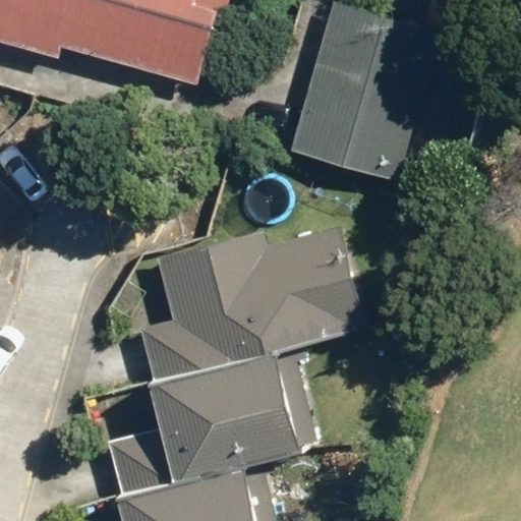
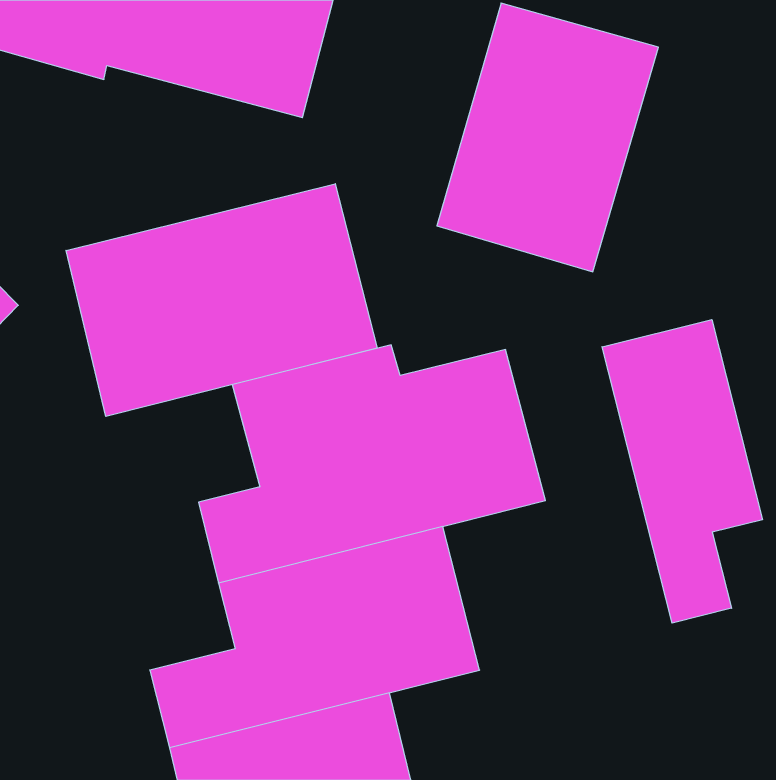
building: none -> [66,184,377,416]
building: none -> [602,320,762,623]

